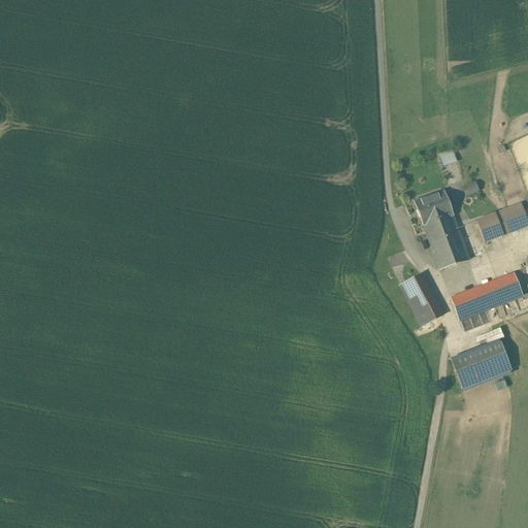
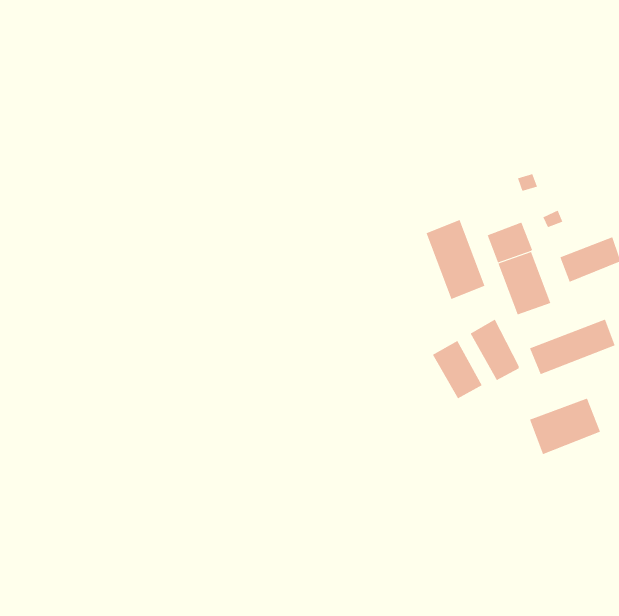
building: none -> [426,219,485,300]
building: none -> [432,340,482,399]

